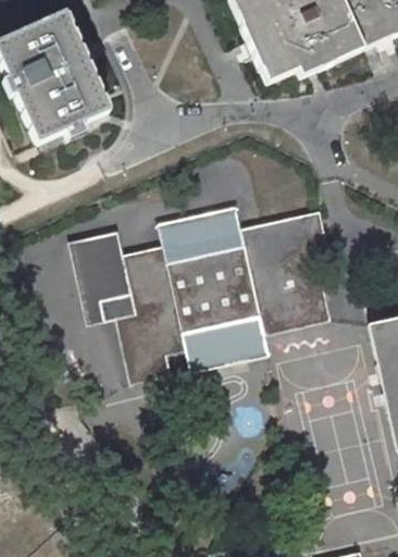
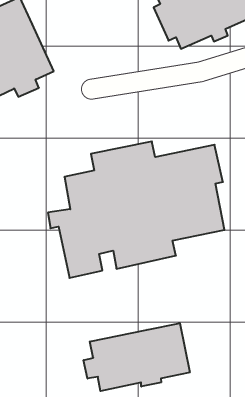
building: [71,232,130,322] -> none
building: none -> [84,323,190,391]

